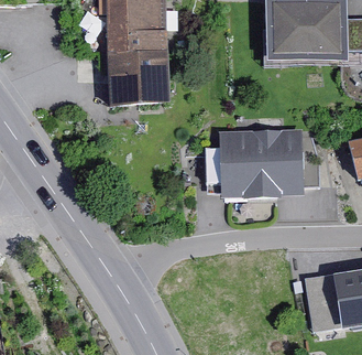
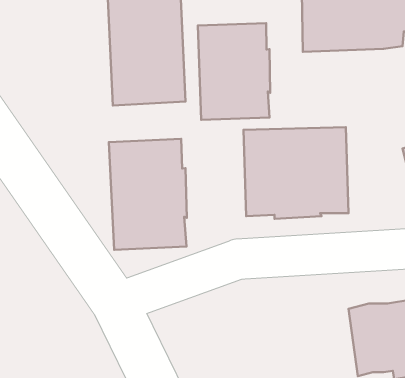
building: none -> [198,23,270,120]
building: none -> [109,139,187,250]

